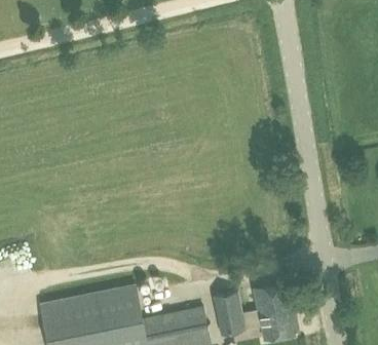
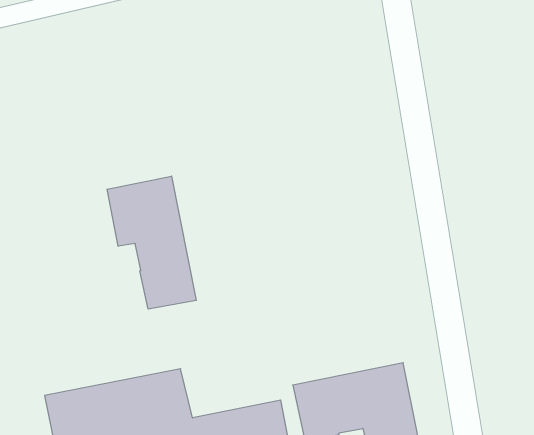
building: none -> [107,176,196,309]

